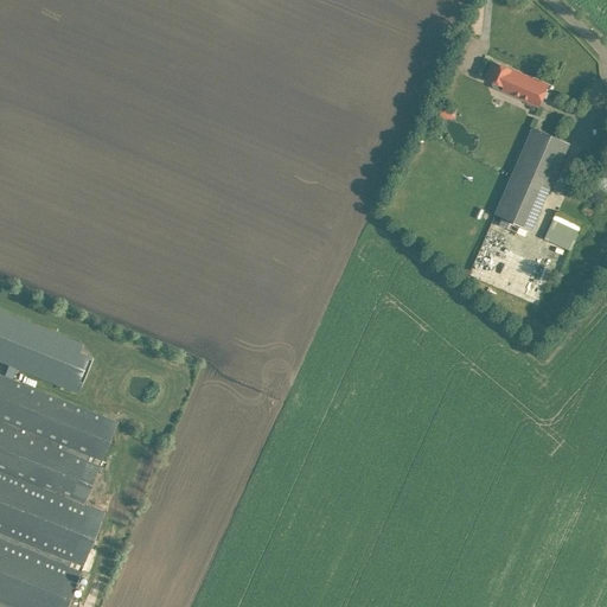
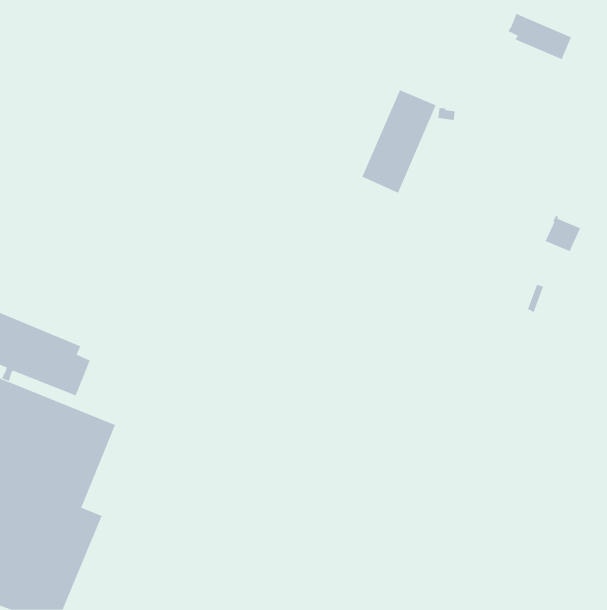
building: [483,62,547,108] -> [507,13,572,60]
building: [493,128,568,231] -> [361,90,437,193]

